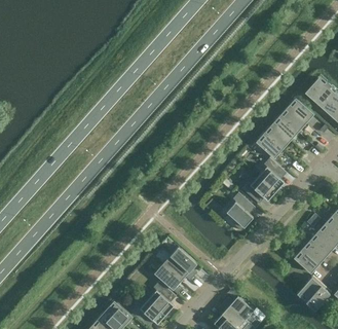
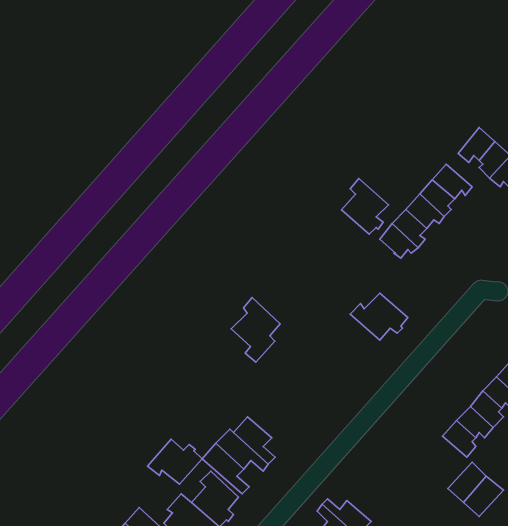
building: [259,157,287,190] -> [341,179,388,234]
building: [226,192,255,230] -> [231,298,280,362]
building: none -> [147,439,202,484]

